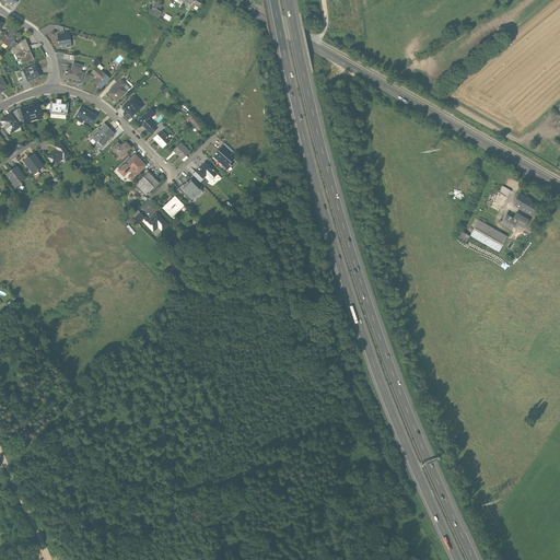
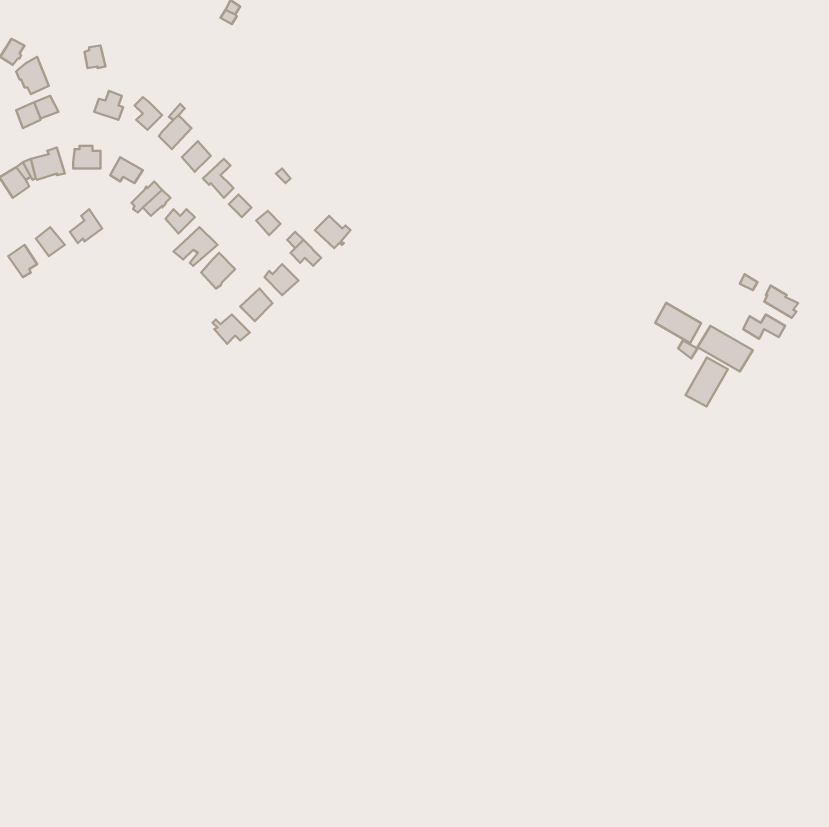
building: none -> [655,303,701,343]
building: none -> [685,358,728,406]

